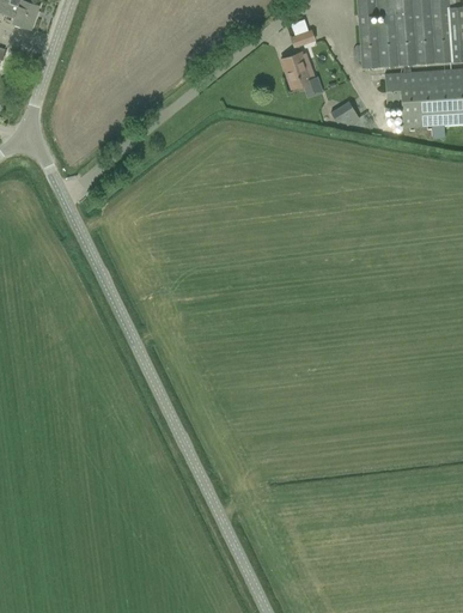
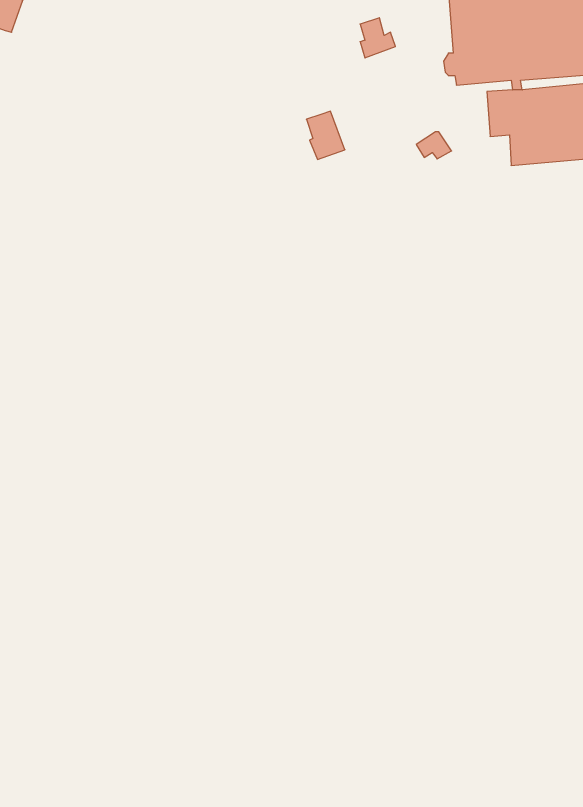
building: [285,53,313,89] -> [306,111,345,159]

